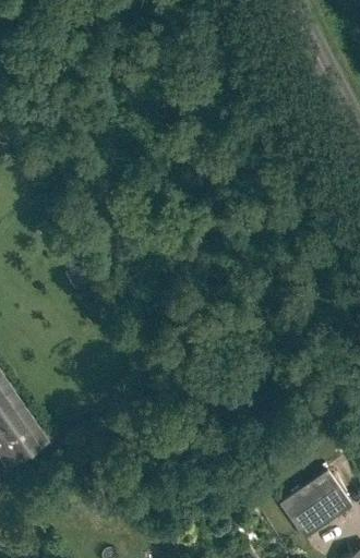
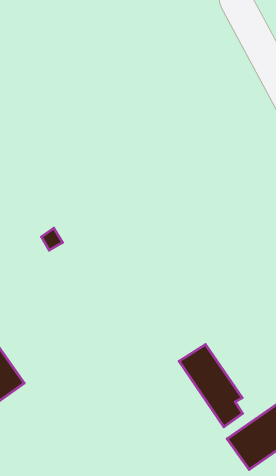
building: none -> [179,345,243,427]

